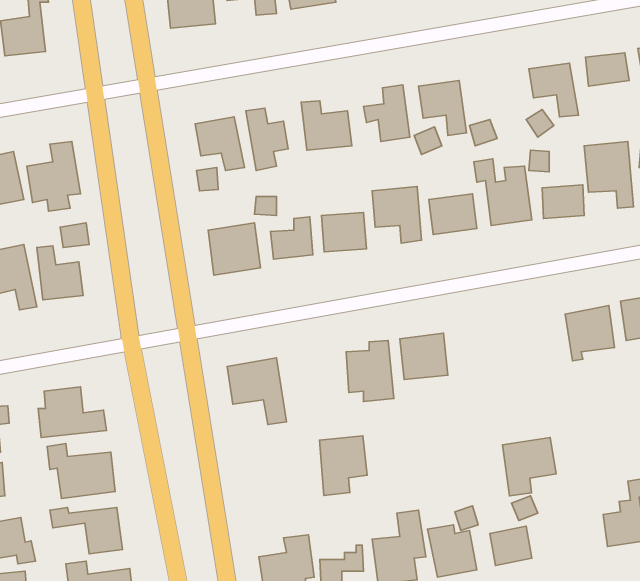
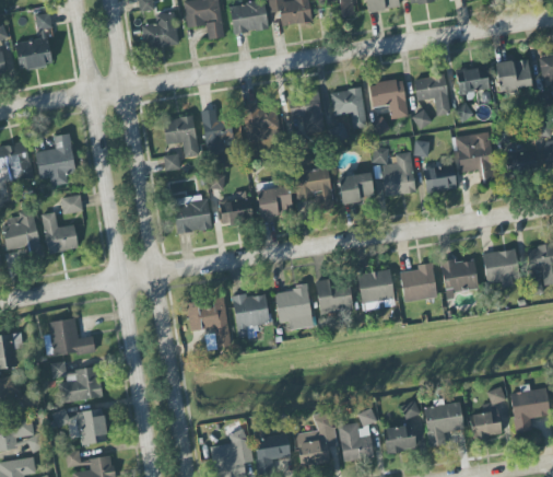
building: none -> [368,79,408,119]
building: none -> [400,263,435,301]
building: none -> [357,269,395,310]
building: [319,436,367,495] -> [233,293,269,338]
building: [502,438,556,496] -> [423,402,463,445]

